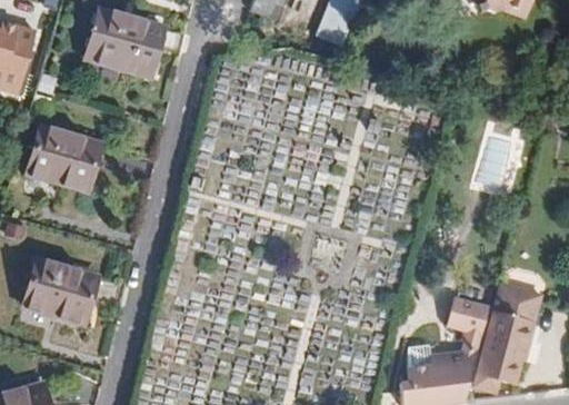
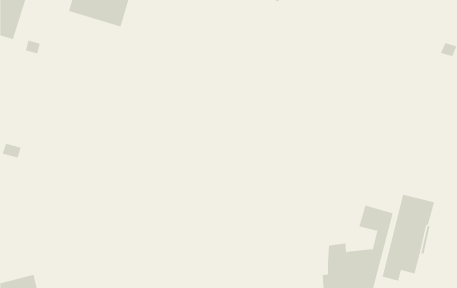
building: [27,125,101,189] -> none
building: [23,258,97,322] -> none

